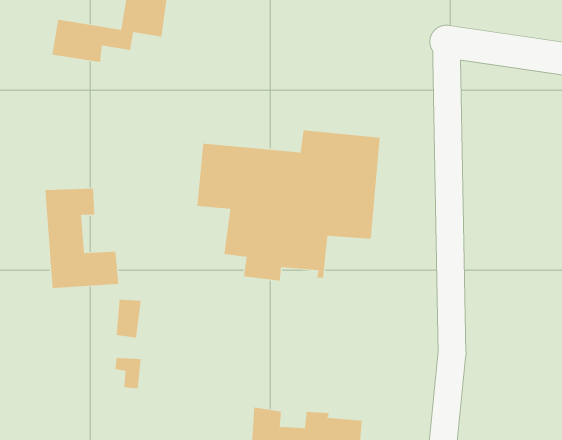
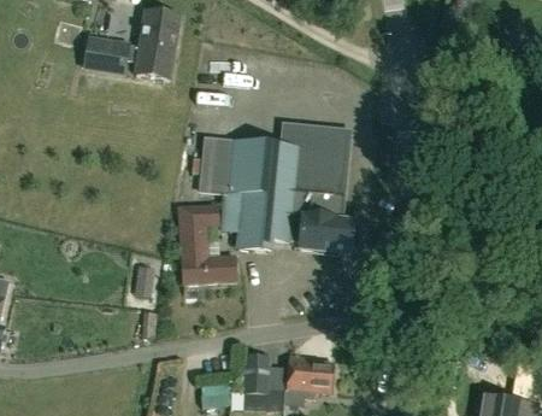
building: [44,188,119,289] -> [177,204,237,285]
building: none -> [304,213,355,253]

